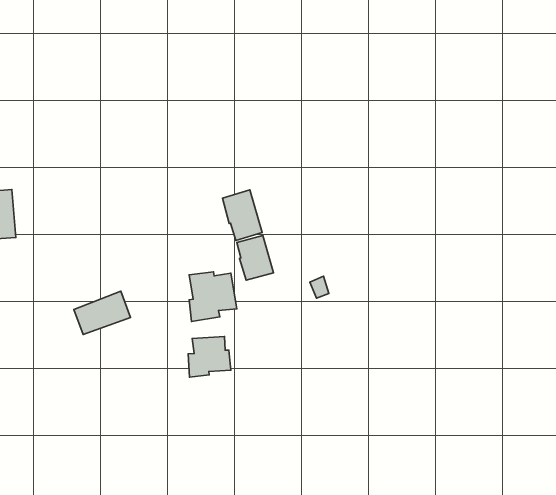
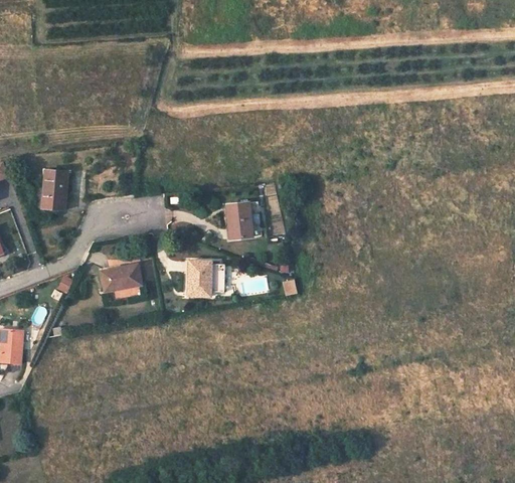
building: [237,236,273,280] -> none
building: [188,337,231,377] -> none

